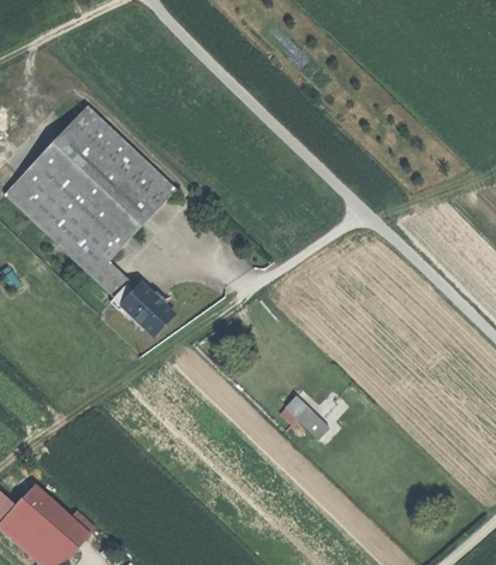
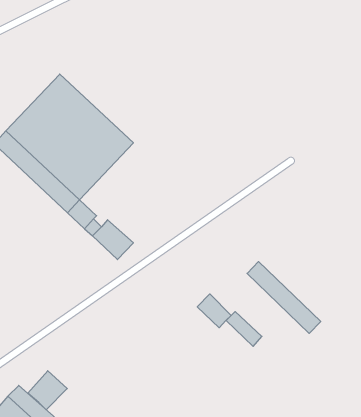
building: none -> [247,262,321,333]
building: none -> [197,294,231,328]
building: none -> [28,371,67,410]

